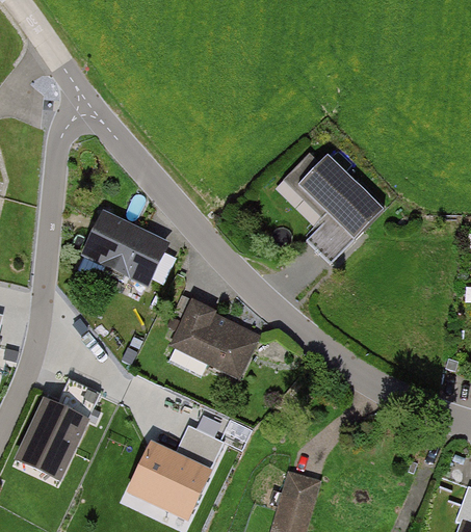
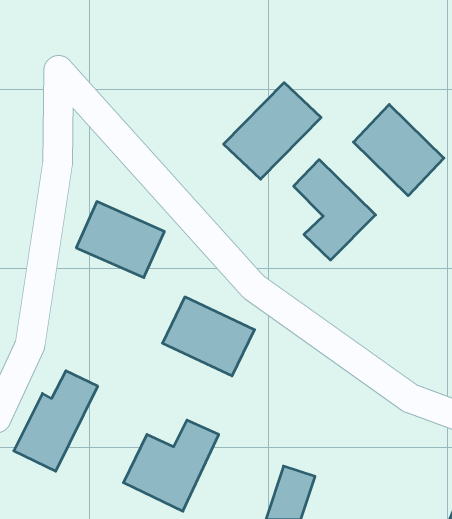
building: none -> [224,83,321,179]
building: none -> [353,104,444,196]

